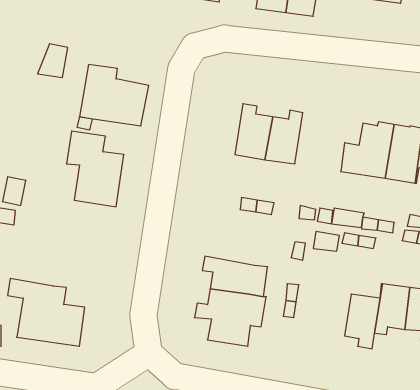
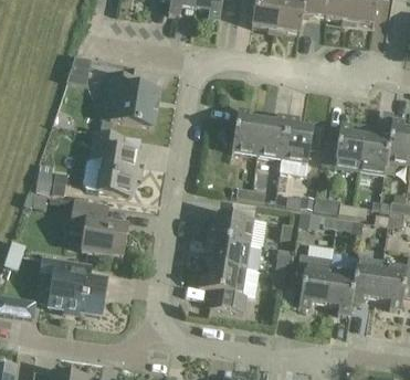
building: none -> [282,115,315,176]
building: none -> [69,199,127,254]
building: none -> [208,202,255,244]
building: none -> [296,254,333,309]

